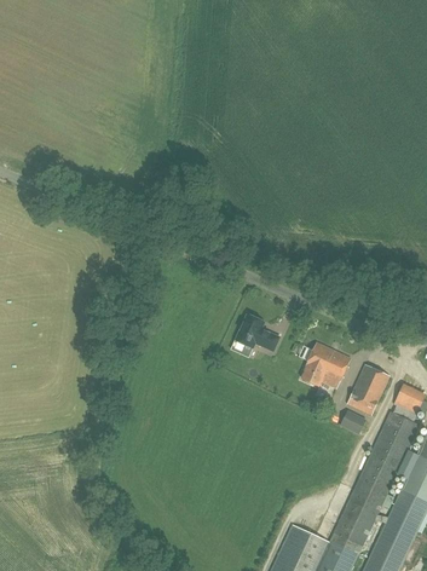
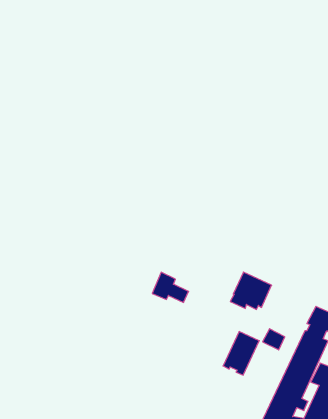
building: [235,315,278,351] -> [152,272,189,302]
building: [345,365,388,417] -> [223,332,259,375]

